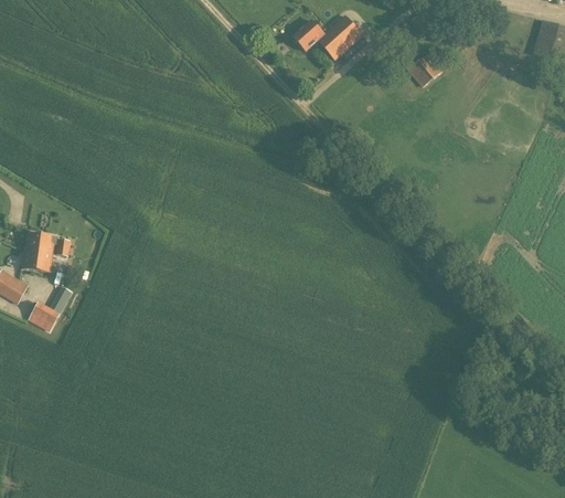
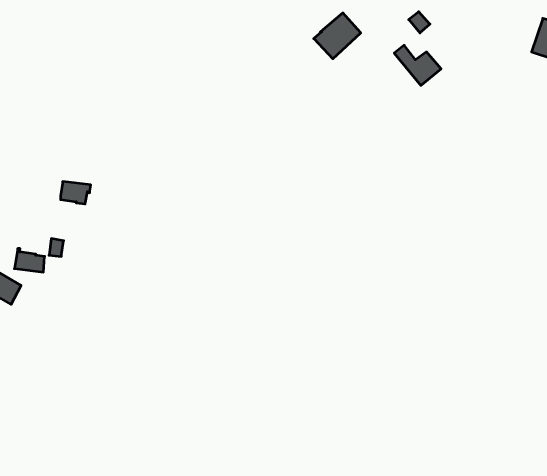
building: [295,20,326,50] -> none
building: [28,233,57,255] -> [61,182,91,204]
building: [29,290,70,330] -> none

